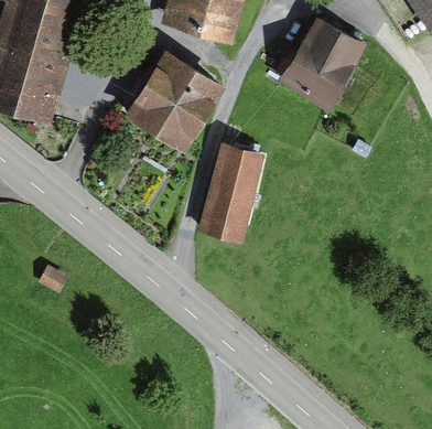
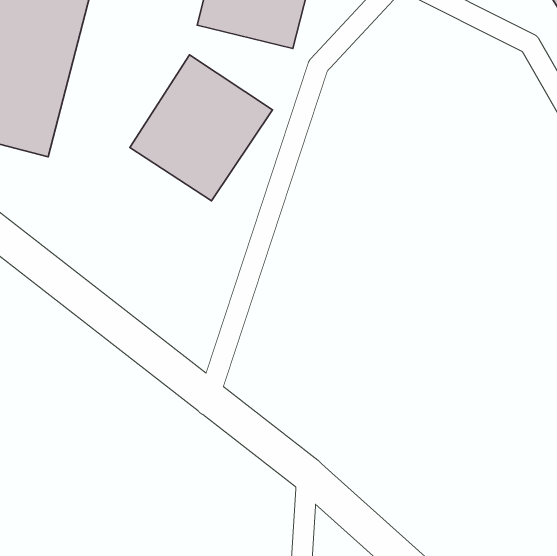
building: [279,17,366,106] -> none
building: [201,142,266,242] -> none

